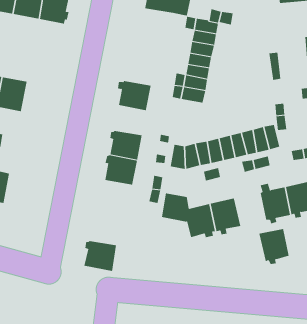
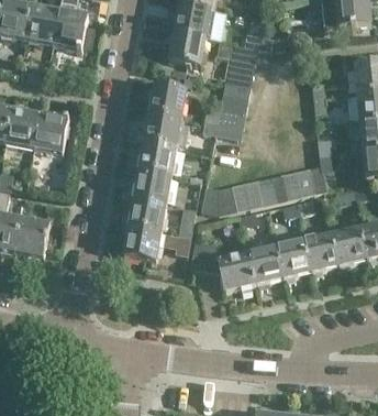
building: none -> [166,31,204,65]
building: none -> [147,83,186,118]
building: none -> [34,113,70,153]
building: none -> [136,140,175,174]
building: none -> [14,217,49,256]
building: [258,228,290,265] -> [274,239,309,280]
building: [84,240,117,272] -> [122,225,159,260]

